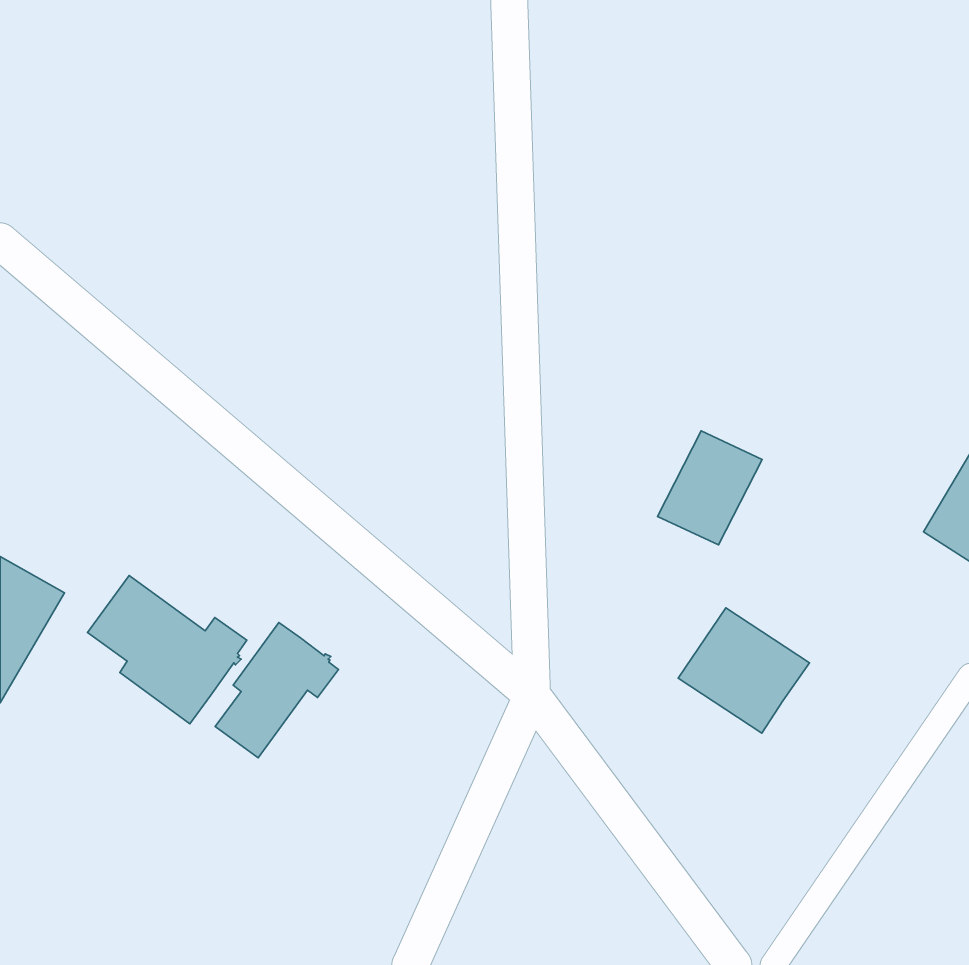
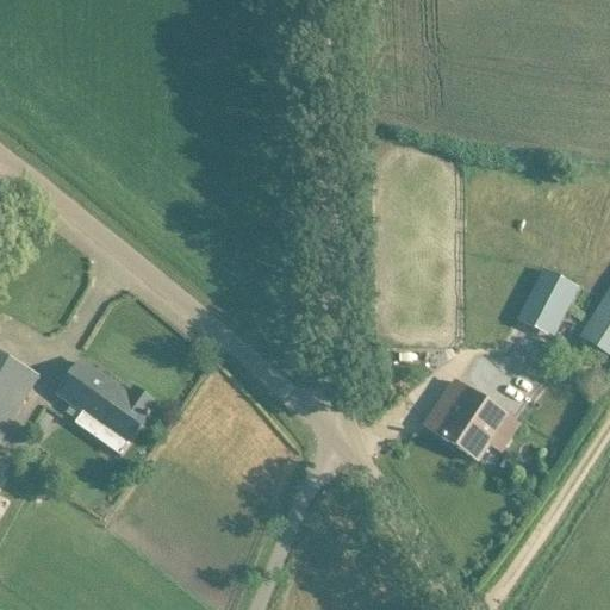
building: [658,431,762,545] -> [516,266,581,337]
building: [215,622,339,758] -> none

